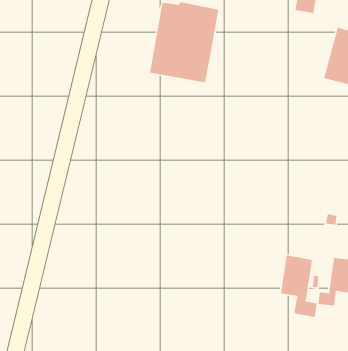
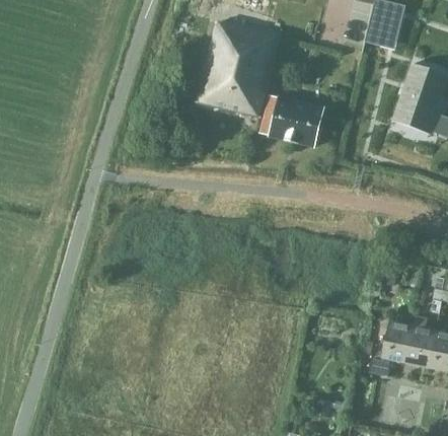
building: none -> [258,94,325,146]
building: [280,254,318,318] -> none

